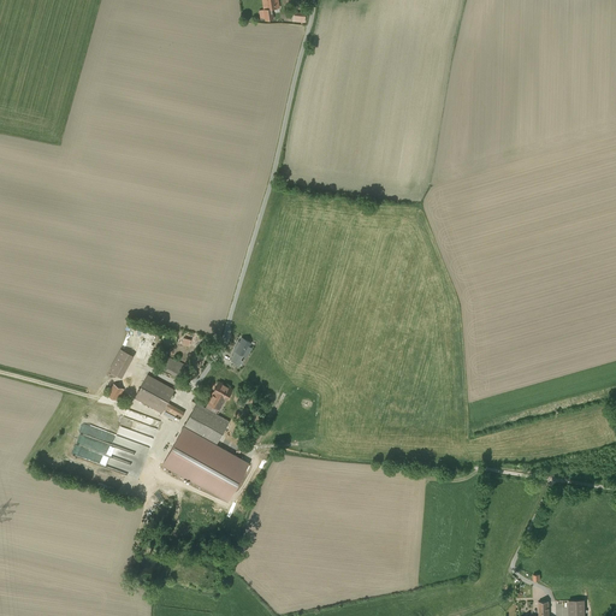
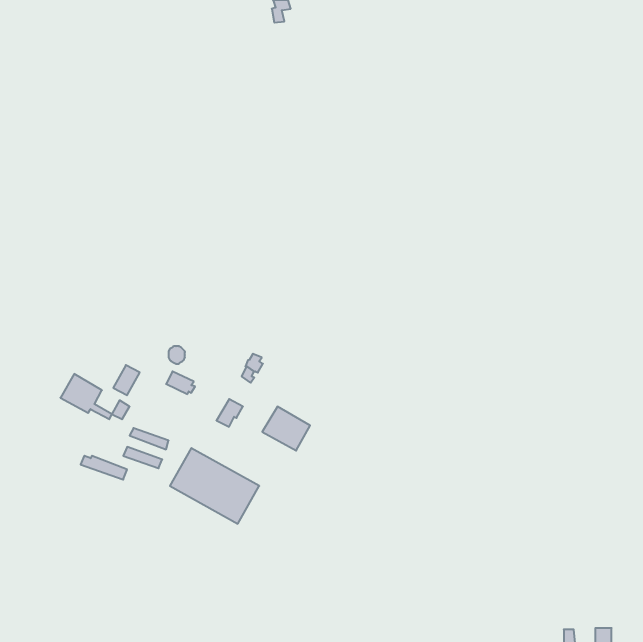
building: [135,375,184,419] -> [60,374,112,419]
building: [183,404,229,446] -> [262,407,310,451]

